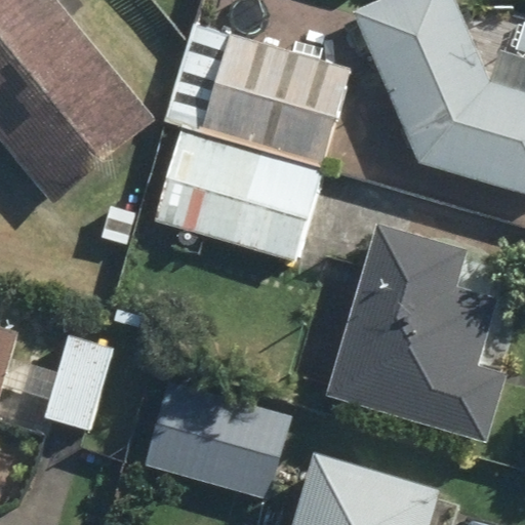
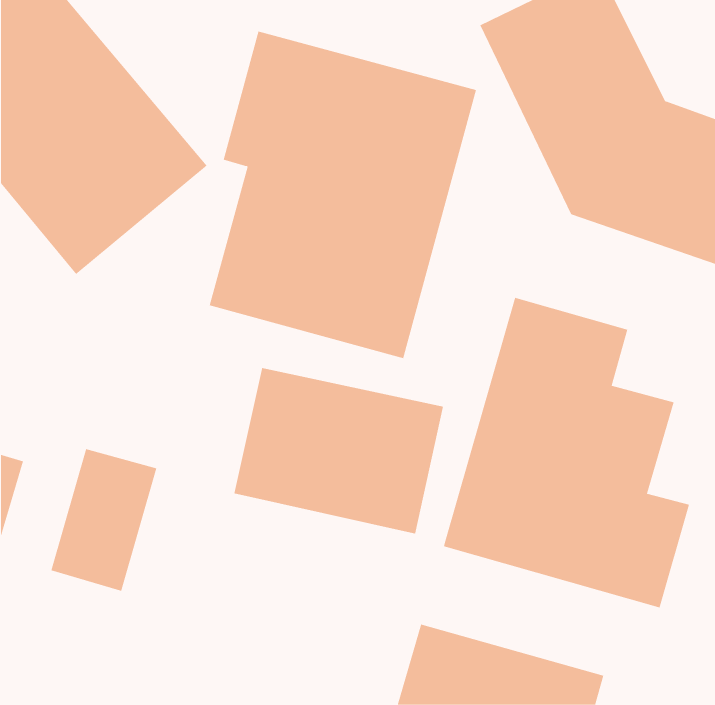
building: [135,374,289,496] -> [234,367,444,534]

